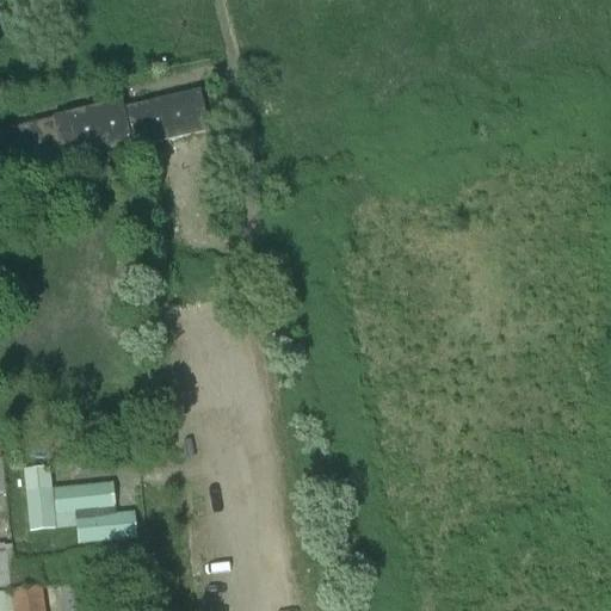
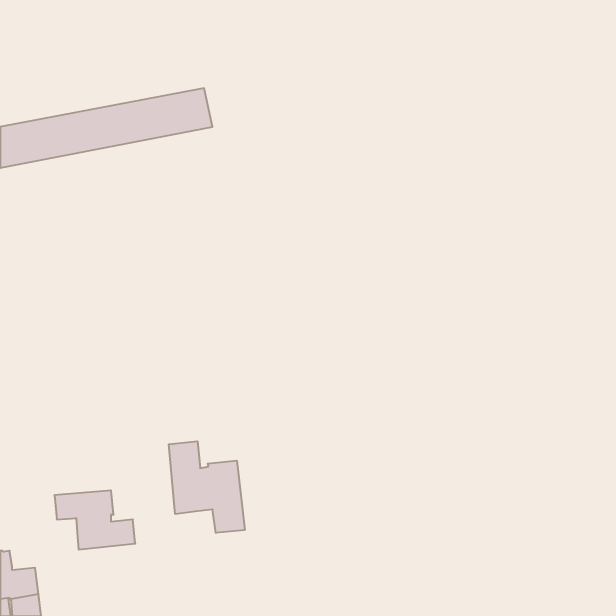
building: none -> [169,441,245,533]
building: [24,468,78,531] -> none

